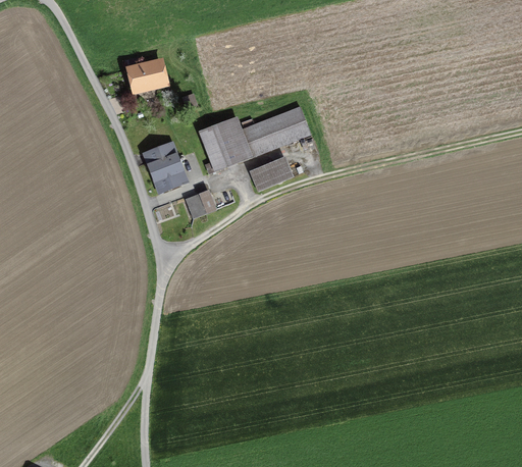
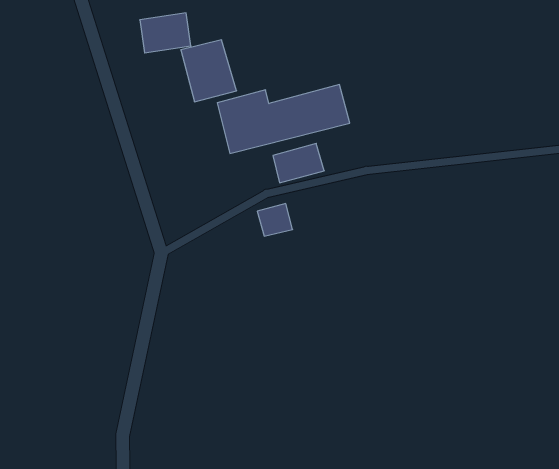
building: [141,140,192,195] -> [181,40,237,102]
building: [186,191,217,220] -> [257,204,293,236]

